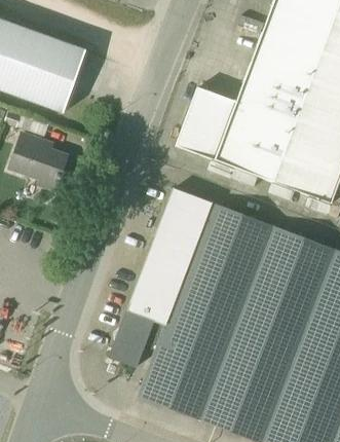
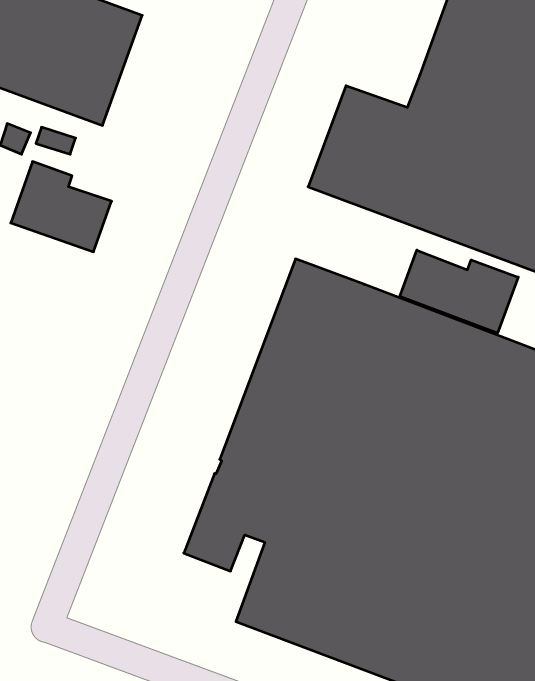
building: none -> [400,250,518,333]

